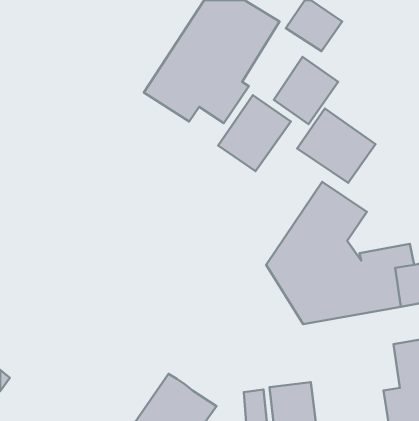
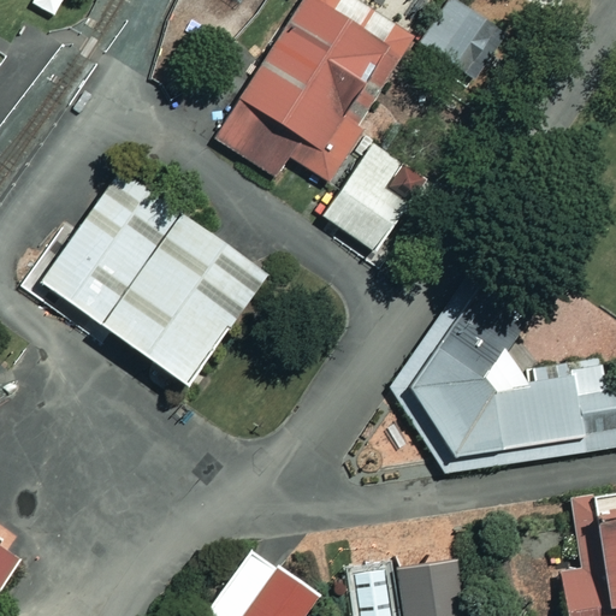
building: [274,57,338,124] -> none
building: [297,109,375,183] -> none
building: none -> [40,171,267,387]

